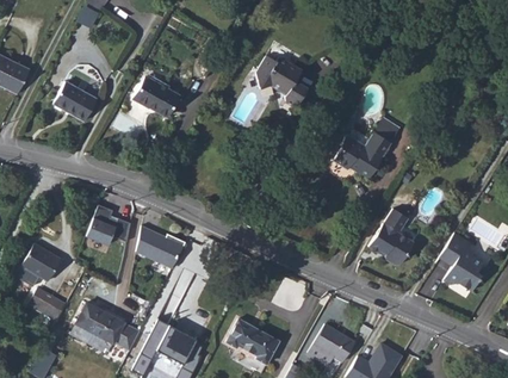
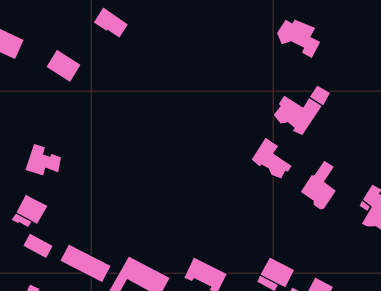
building: [254,56,308,104] -> [276,19,321,59]
building: [132,68,175,106] -> [93,6,129,38]
building: none -> [251,137,292,179]
building: [82,205,126,244] -> [25,143,62,176]
building: [134,224,184,268] -> none

